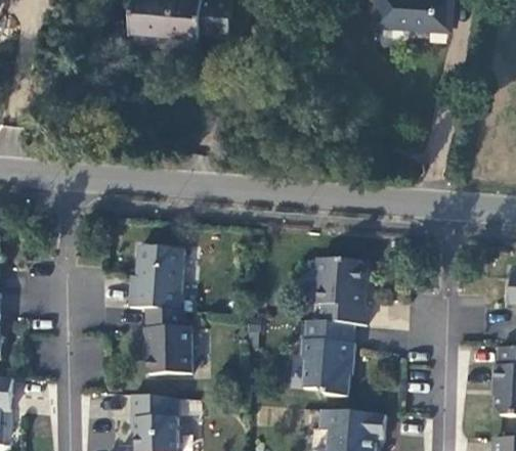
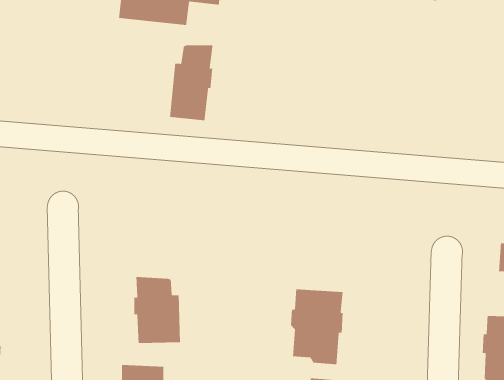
building: none -> [169,45,213,121]
building: [127,244,182,309] -> none
building: [314,258,367,323] -> none

